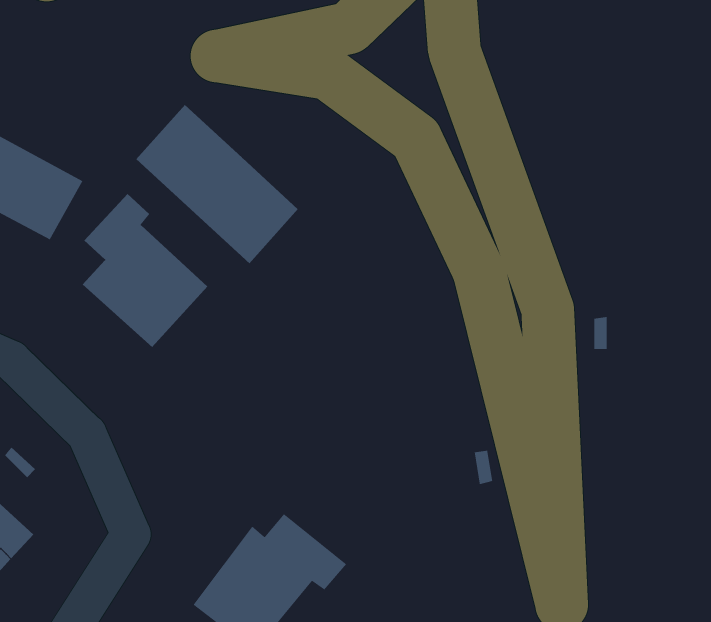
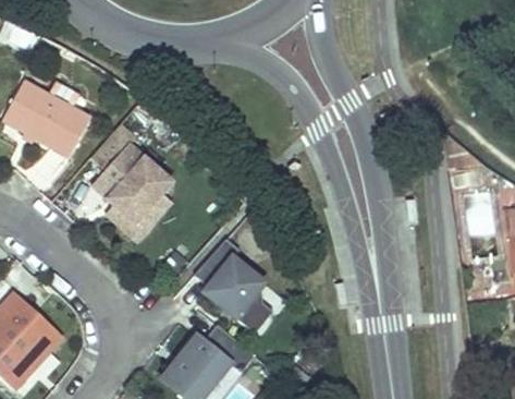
building: [136,104,298,264] -> none
building: none -> [200,254,272,335]

